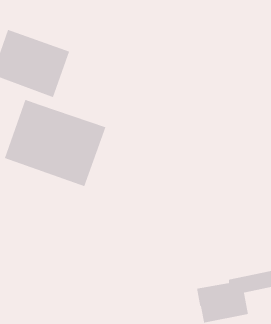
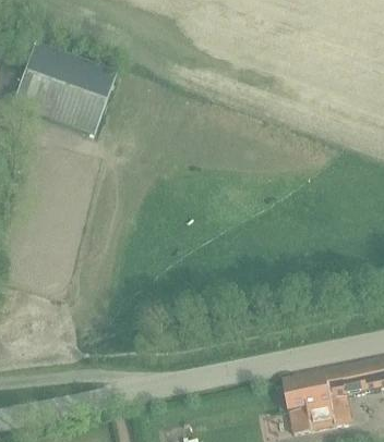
building: [4,99,107,187] -> none

